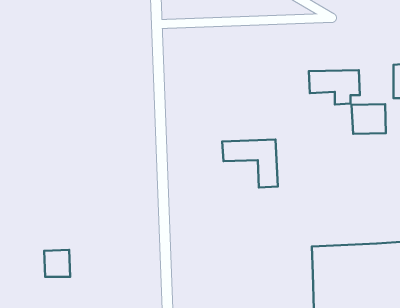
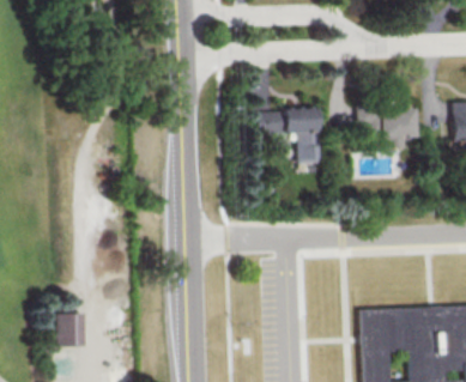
building: [351,104,386,134] -> none
building: [222,139,278,187] -> [256,108,320,163]

